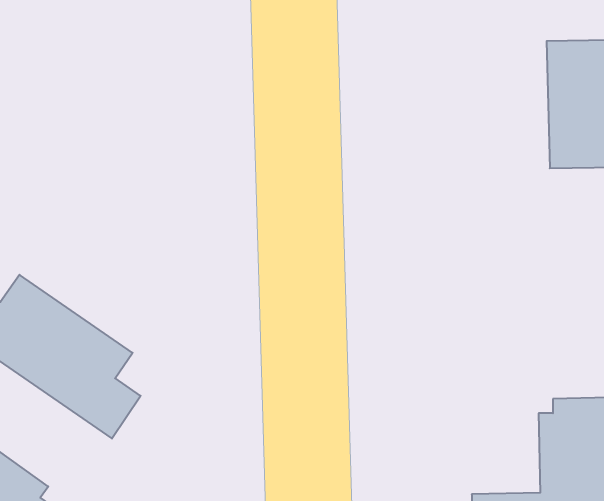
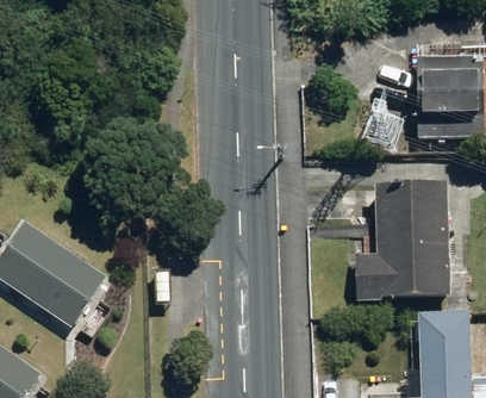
building: none -> [355,181,451,297]

